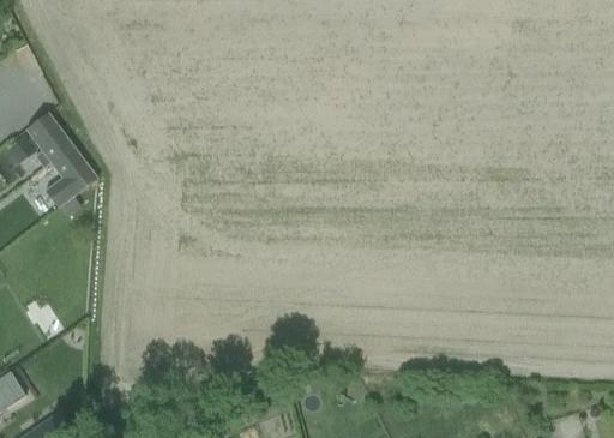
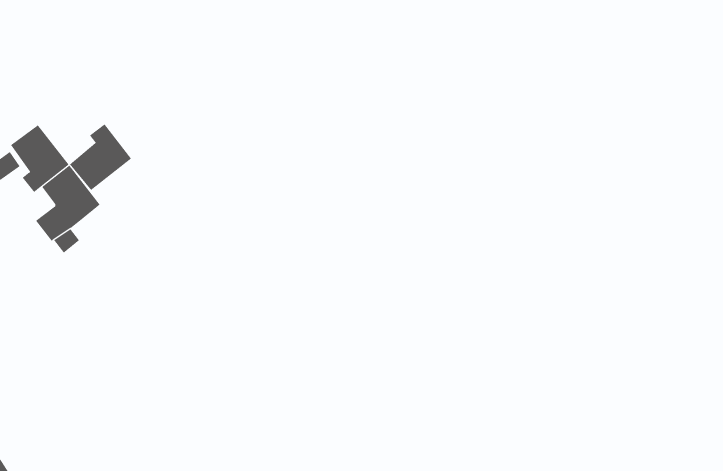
building: none -> [69,123,132,191]

